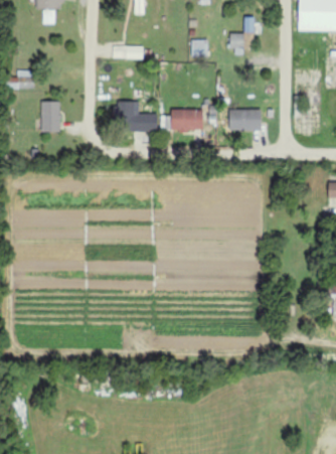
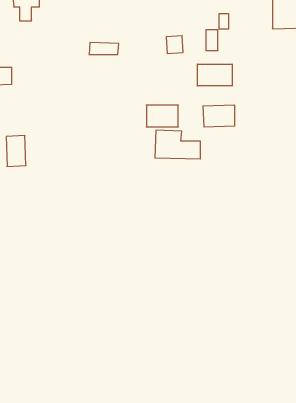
building: none -> [197,64,232,86]
building: [41,101,61,132] -> [6,136,26,166]
building: [113,102,159,131] -> [155,130,200,159]

